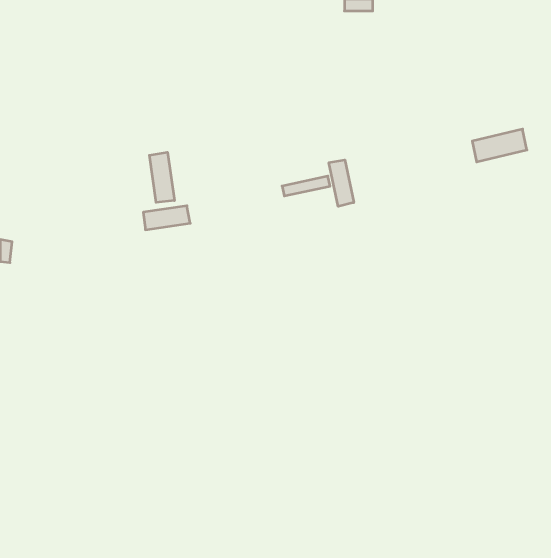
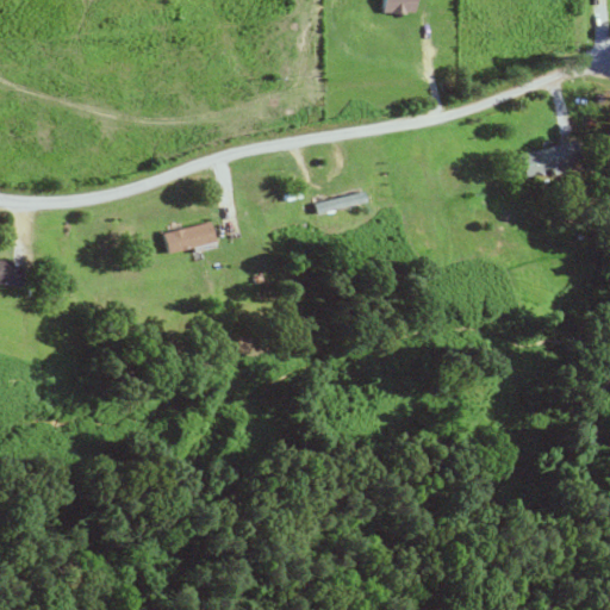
building: [149,152,174,202] -> none
building: [329,160,354,206] -> none

